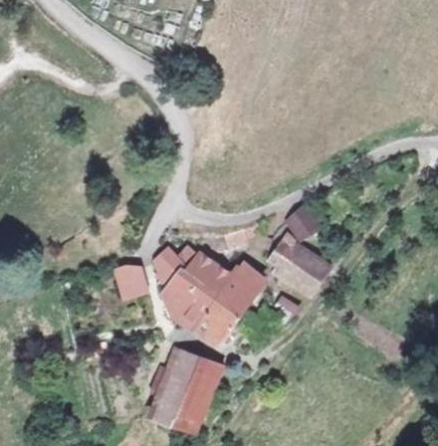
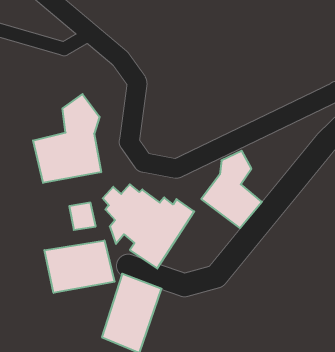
building: none -> [33,94,101,183]
building: none -> [44,240,115,293]

